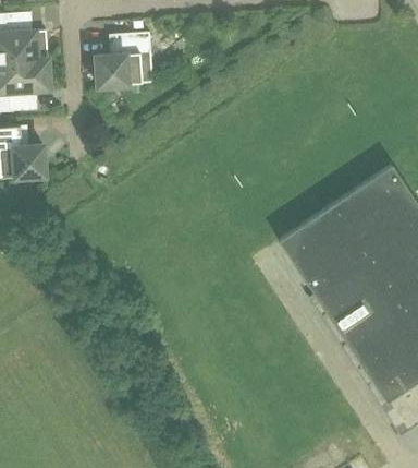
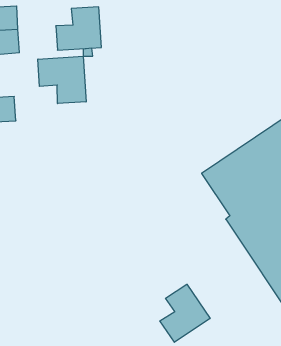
building: none -> [38,56,86,104]
building: none -> [160,284,210,342]

